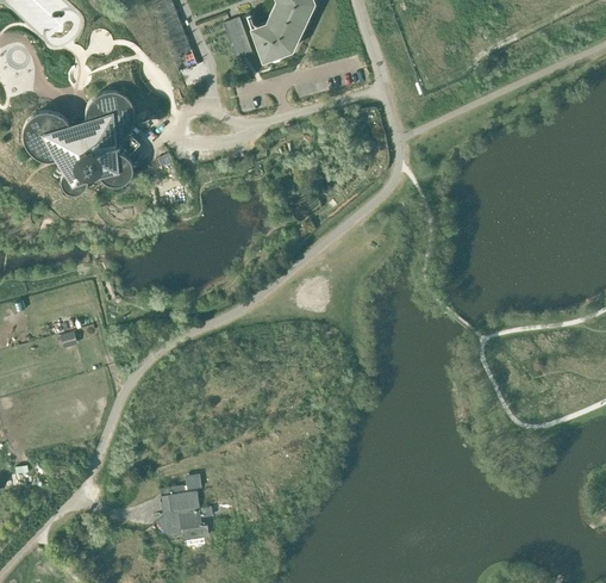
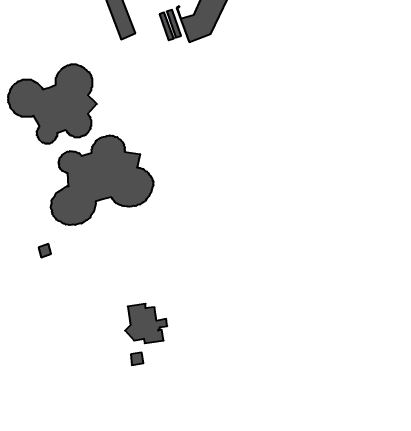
building: none -> [51,135,154,225]
building: [156,486,212,539] -> [125,304,167,343]

